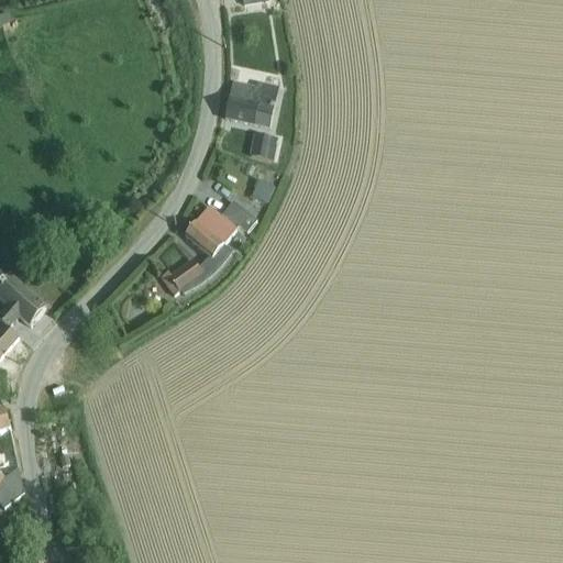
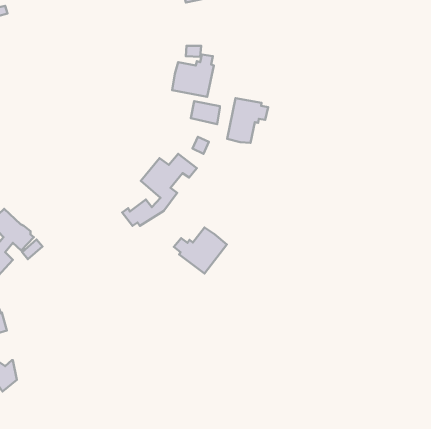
building: none -> [227,98,268,143]
building: none -> [174,228,227,273]

